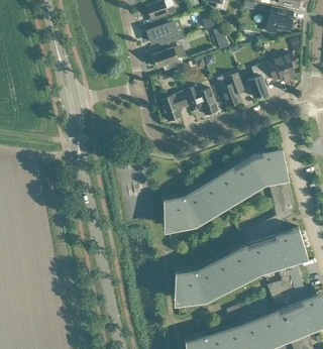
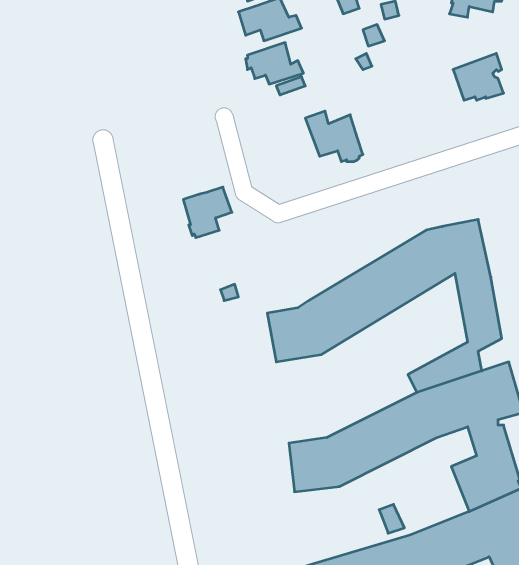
building: [247,65,271,99] -> none
building: [220,75,243,109] -> none
building: [160,94,188,122] -> [183,187,232,238]

